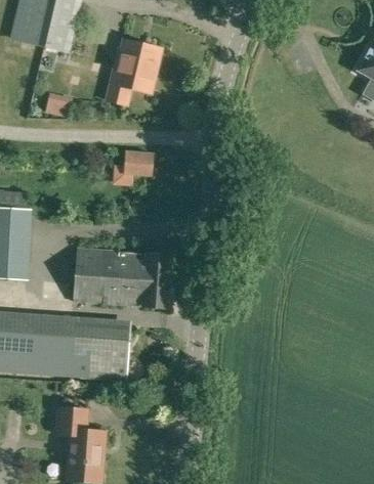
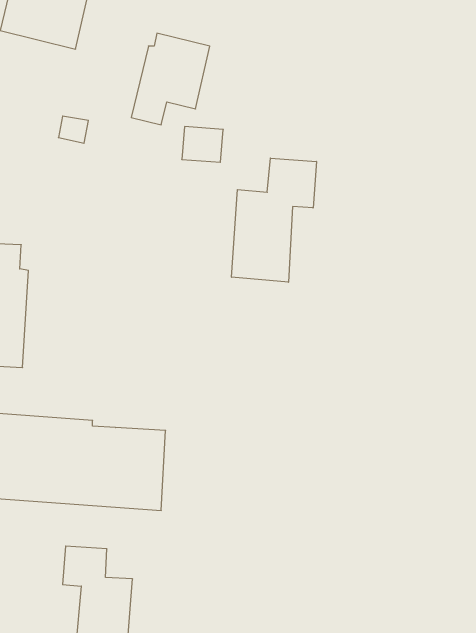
building: none -> [232,158,316,282]
building: [124,150,154,176] -> [182,127,223,162]
building: [72,247,172,308] -> none

